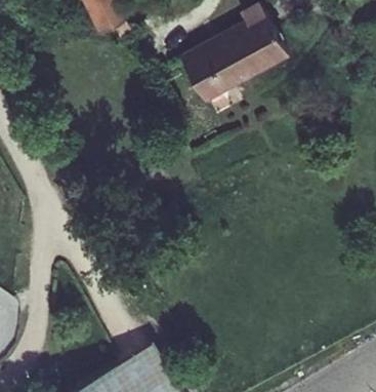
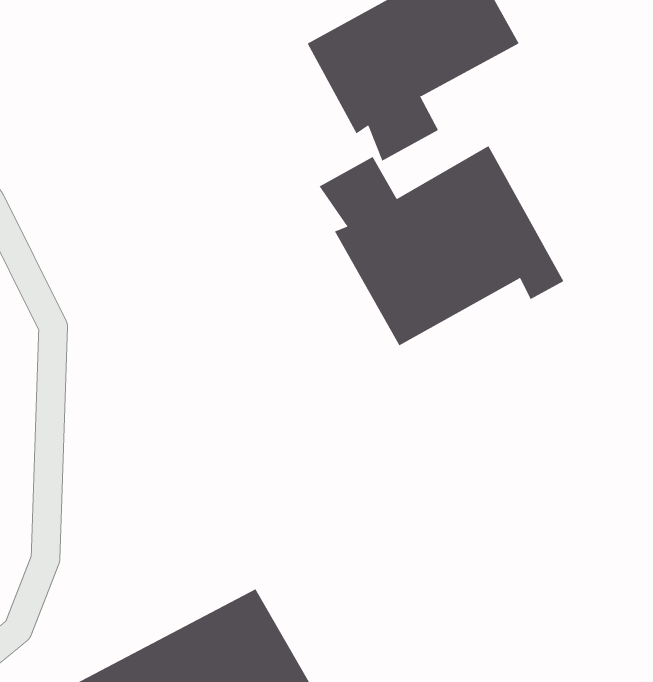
building: none -> [319,145,564,346]

